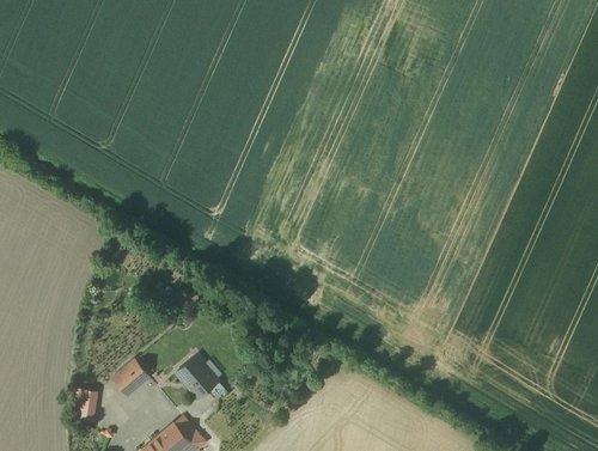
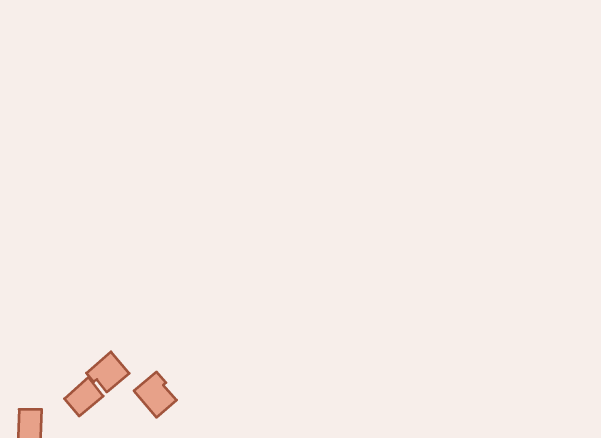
building: none -> [86,352,129,392]

